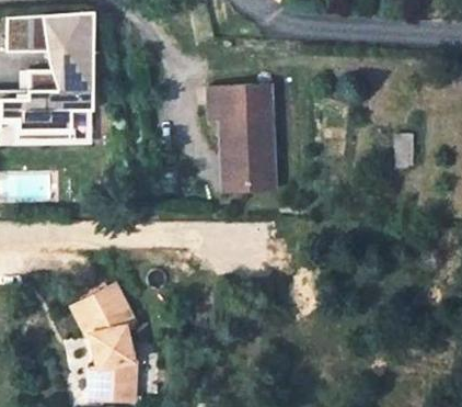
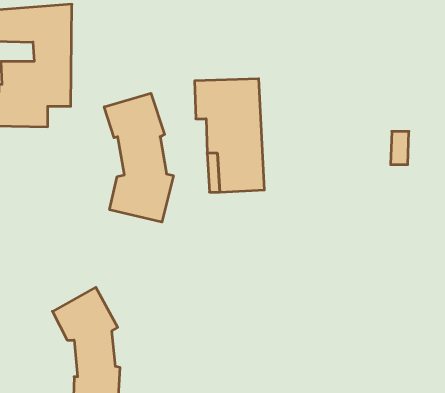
building: none -> [104,93,173,222]

